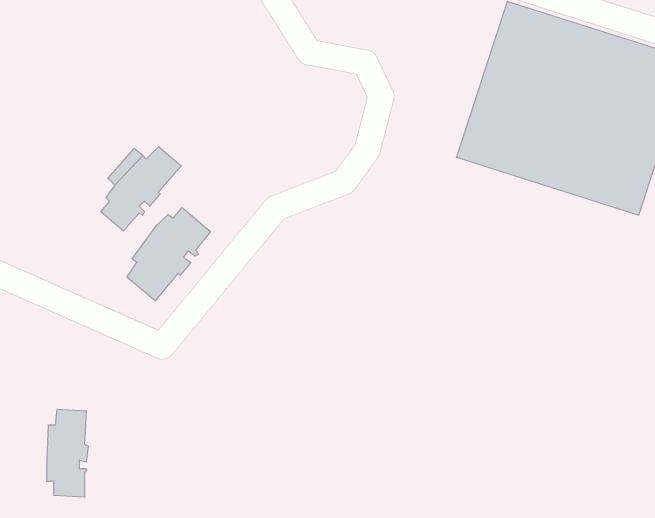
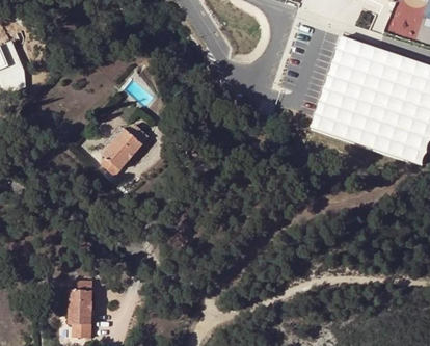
building: [127,207,210,301] -> none

